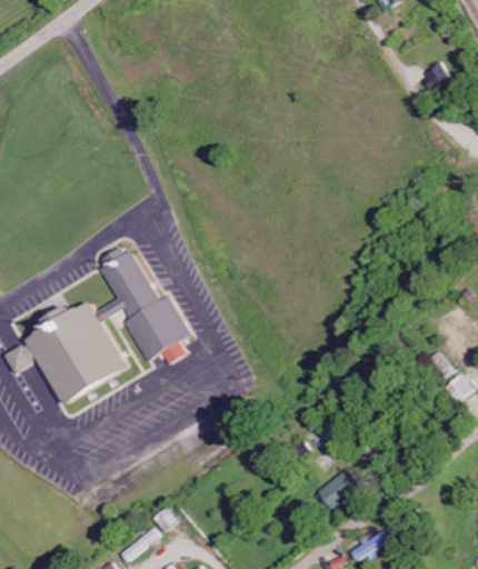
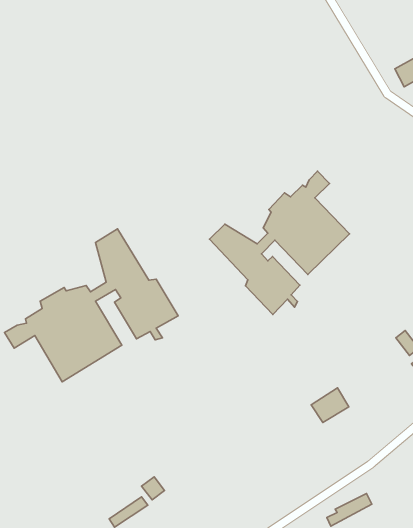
building: none -> [210,171,349,315]
building: [317,472,357,509] -> [311,388,349,422]

